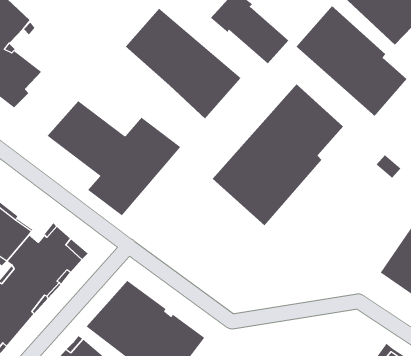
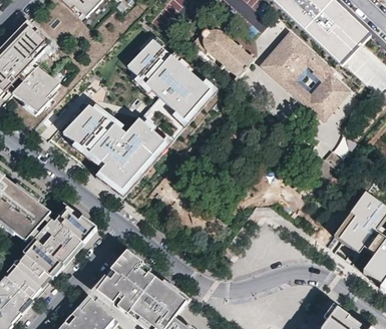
building: [212,83,344,226] -> none
building: none -> [137,95,188,144]

